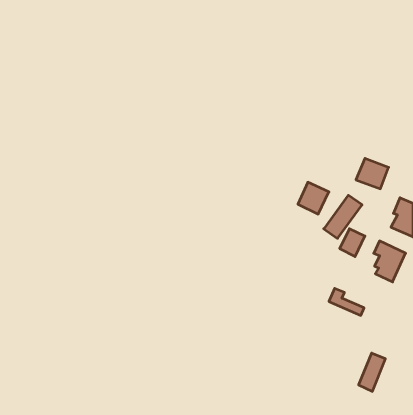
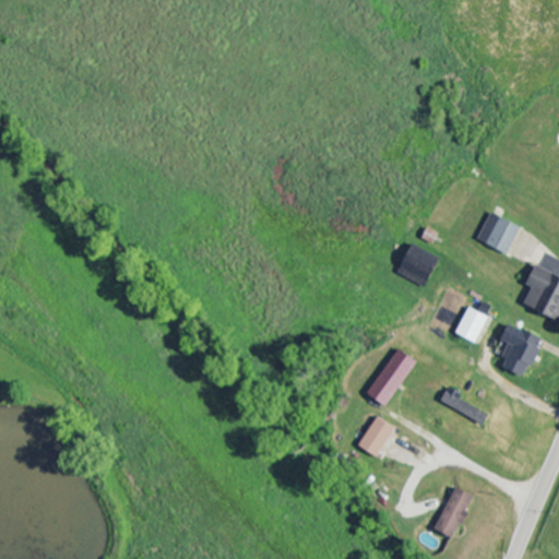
building: [324,195,362,238] -> [366,347,417,405]
building: none -> [358,416,394,456]
building: [359,353,385,391] -> [436,486,472,537]

